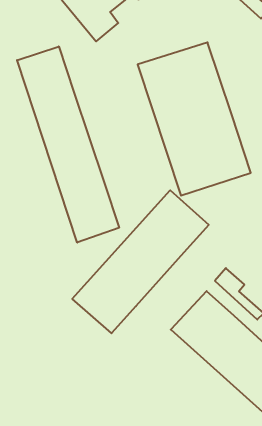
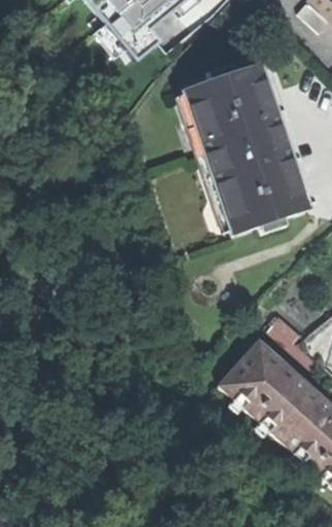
building: [17,46,119,243] -> none
building: [72,190,209,333] -> none

